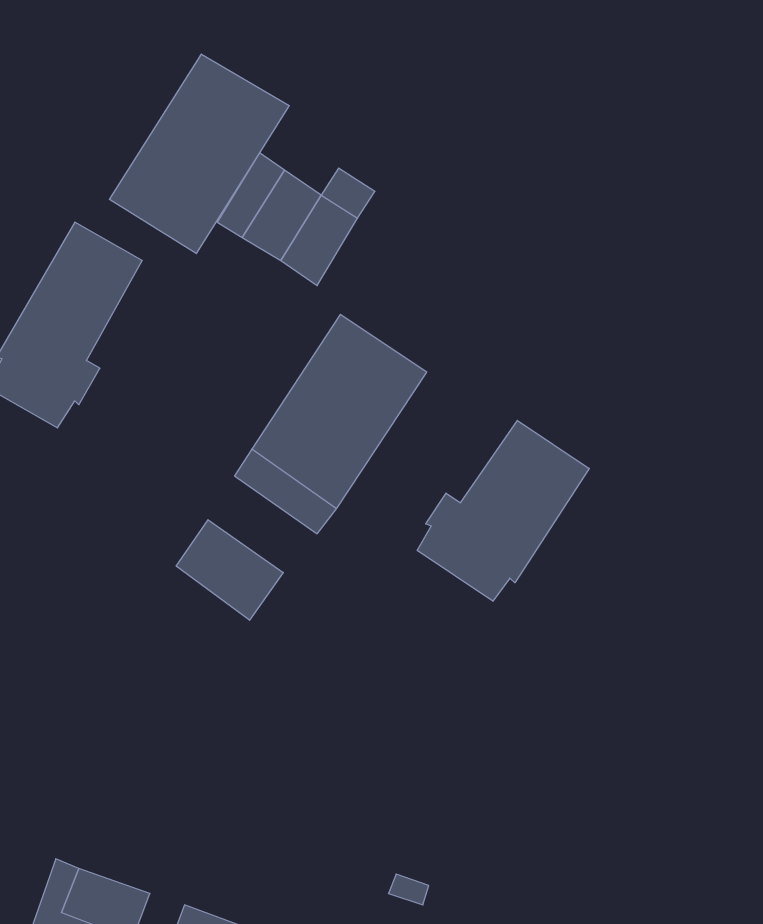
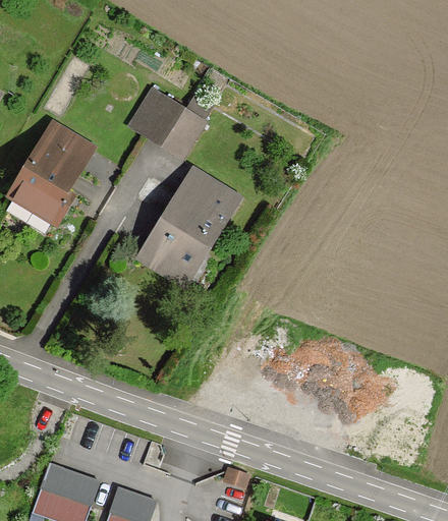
building: [109,54,289,254] -> none
building: [417,420,589,601] -> none
building: [176,520,283,620] -> none

